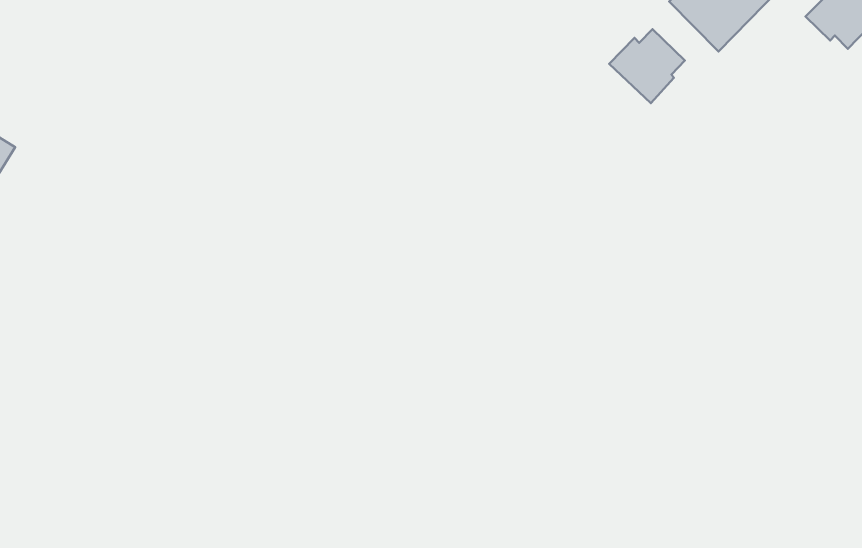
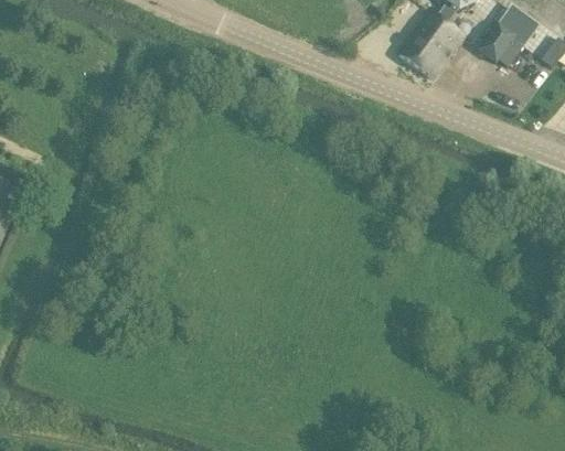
building: [609,29,685,103] -> none

